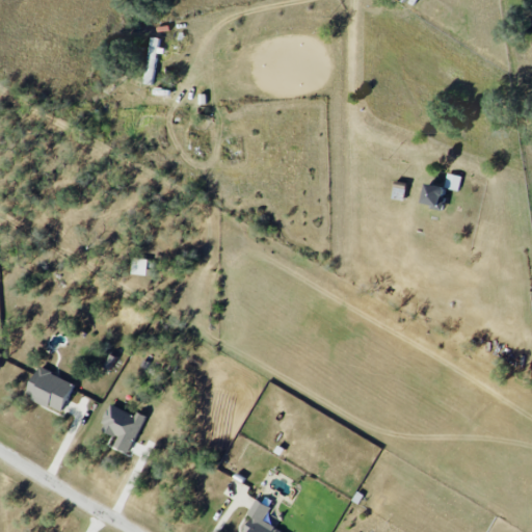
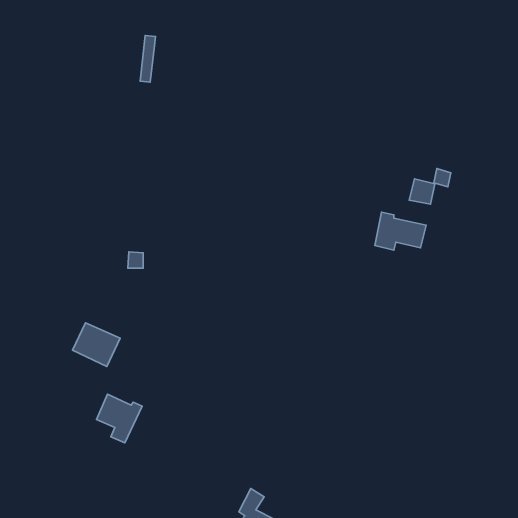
building: none -> [375,212,426,250]
building: [24,368,73,413] -> [72,323,120,366]

